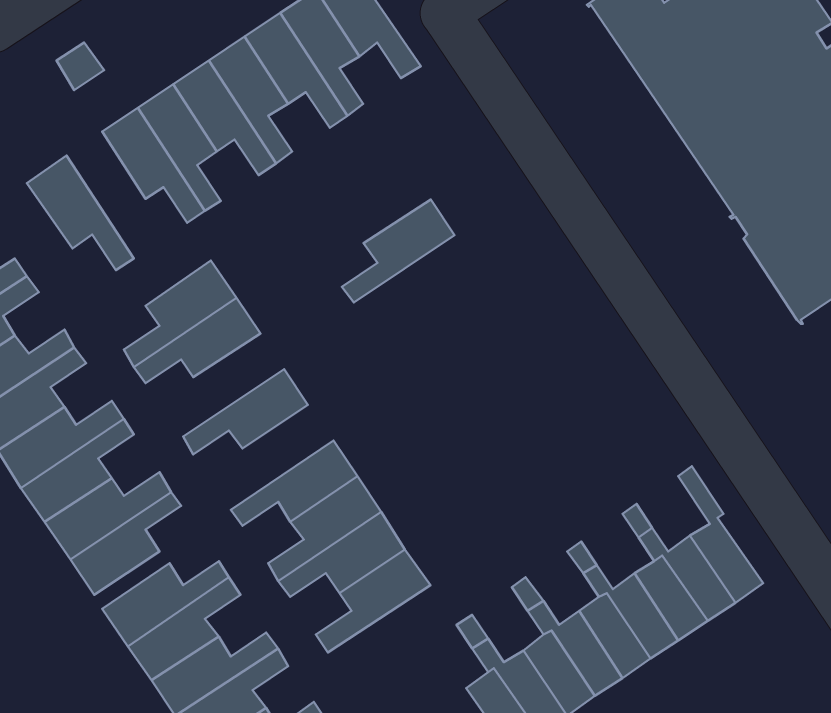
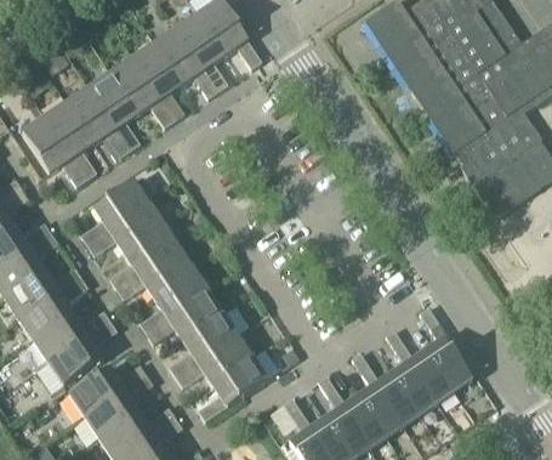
building: none -> [45,101,96,178]
building: [342,200,455,303] -> [109,225,178,288]
building: none -> [138,268,209,333]

